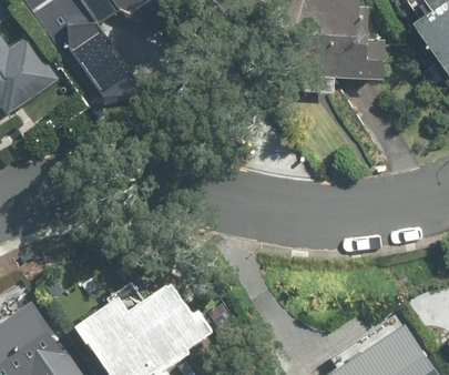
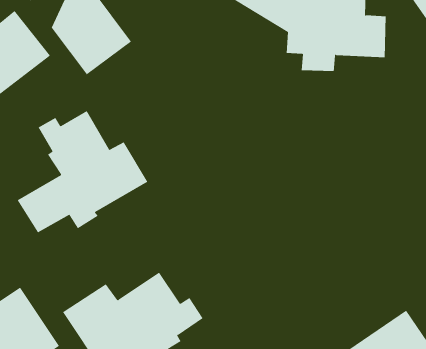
building: none -> [17,110,148,233]

